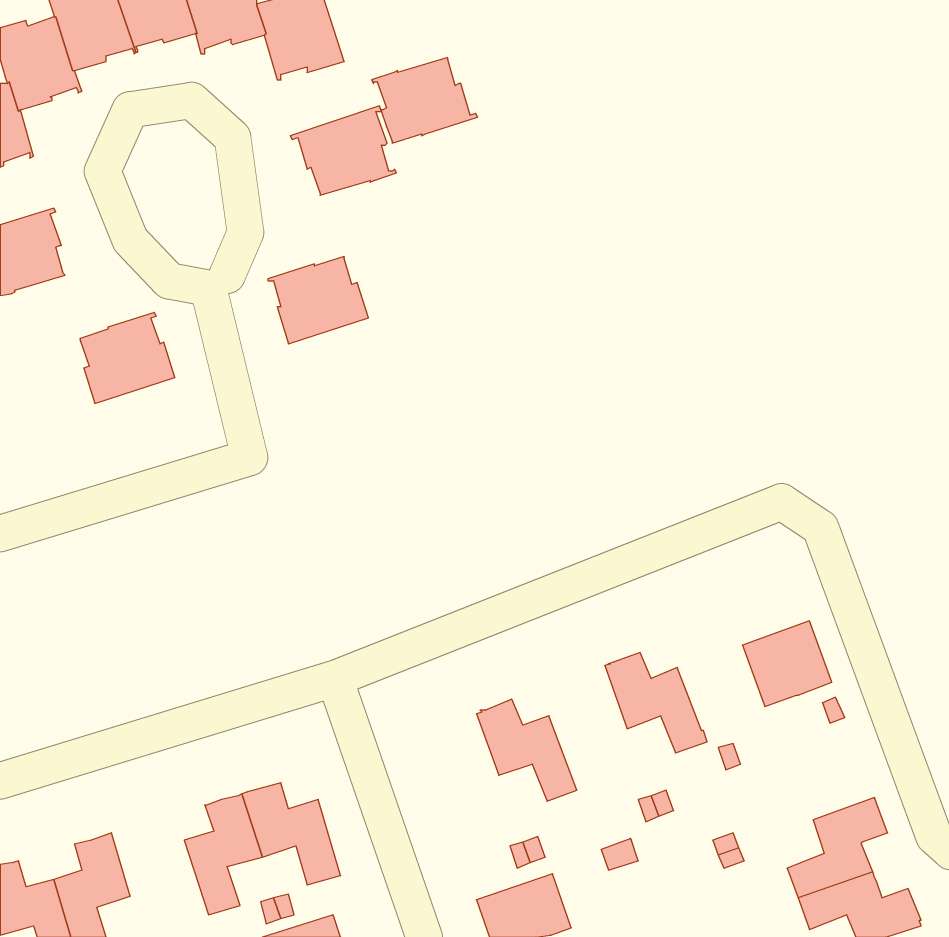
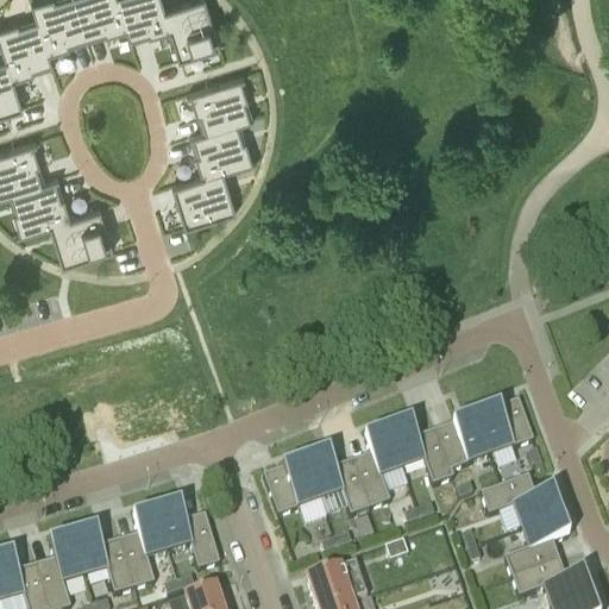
building: [372,58,478,143] -> [189,115,257,170]
building: none -> [11,170,70,228]
building: none -> [434,413,490,467]
building: none -> [352,426,402,506]
building: none -> [263,457,320,513]
building: none -> [481,473,560,525]
building: none -> [73,526,134,591]

